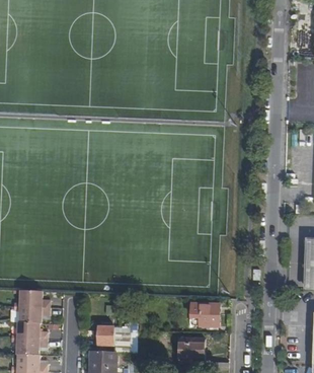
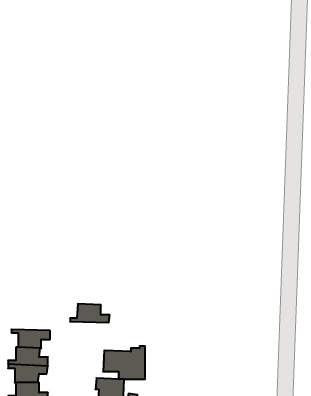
building: [14,291,51,308] -> [70,304,110,323]
building: [191,304,220,326] -> none
building: [179,339,205,363] -> none

